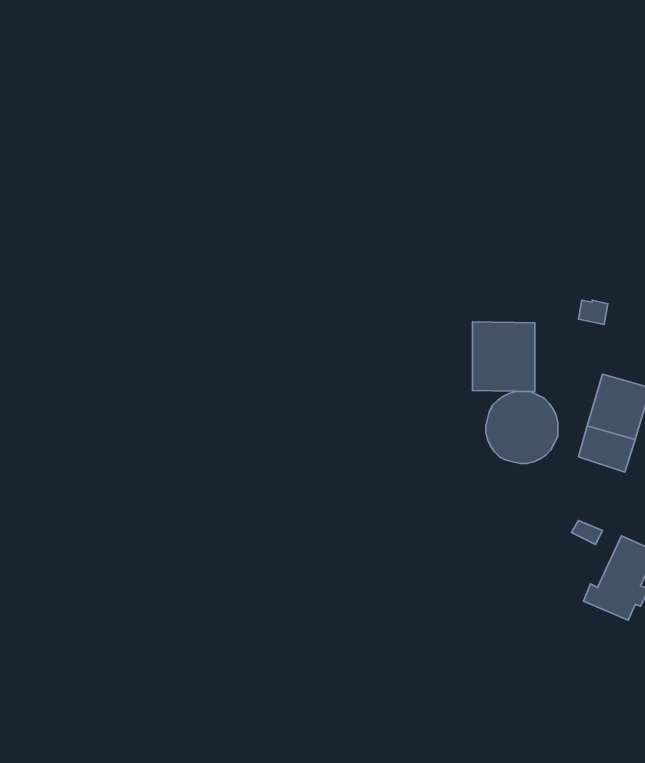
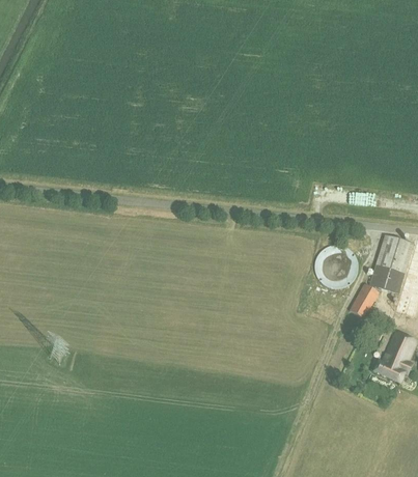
building: [472,322,535,391] -> none
building: none -> [350,283,379,317]

